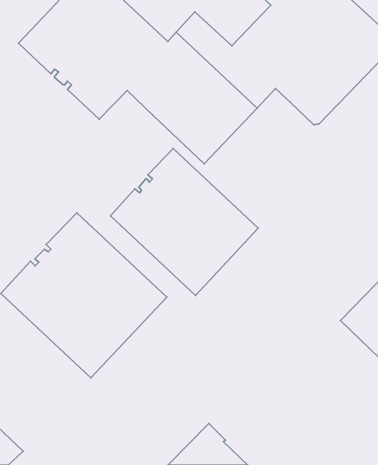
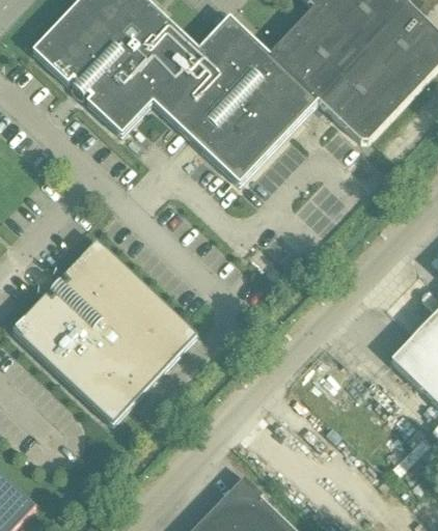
building: [110,149,258,295] -> none

